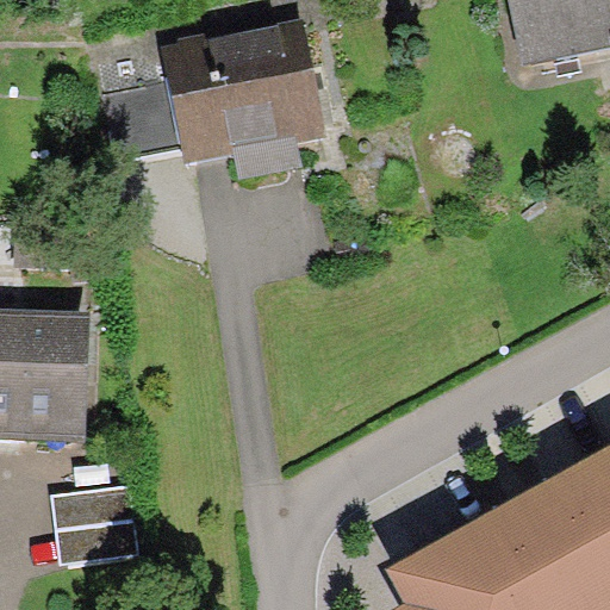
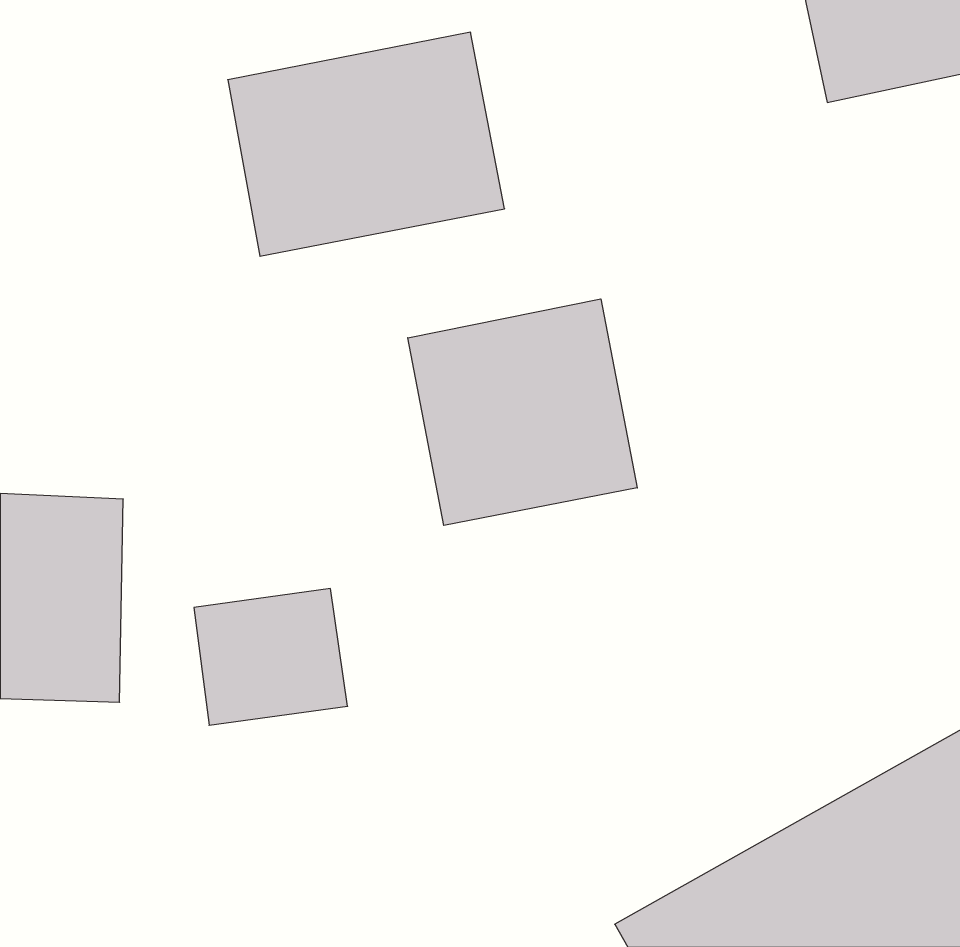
building: none -> [408,299,637,525]
building: [43,478,139,564] -> [194,589,348,725]

